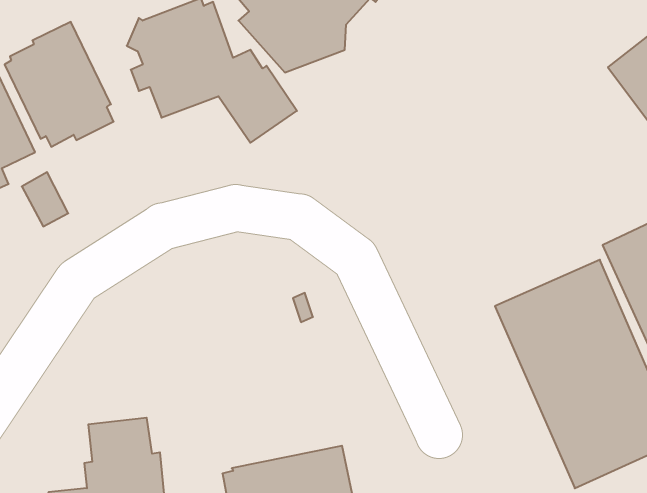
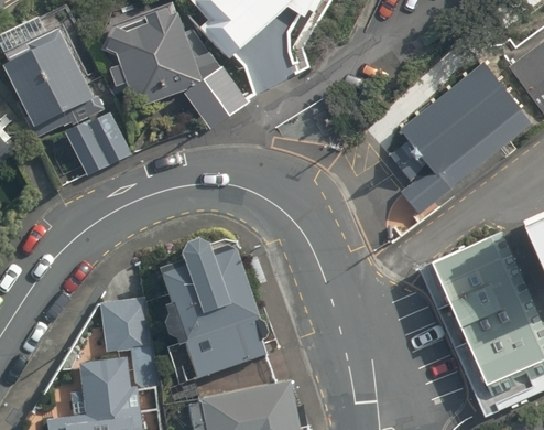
building: none -> [388,58,532,215]
building: none -> [69,114,134,175]
building: none -> [156,238,270,379]
building: none -> [100,300,160,386]

